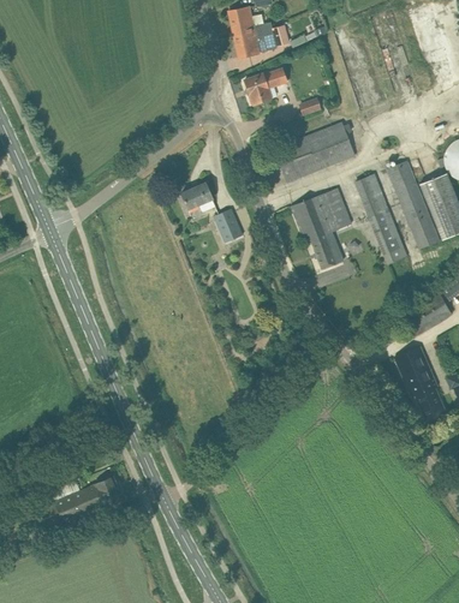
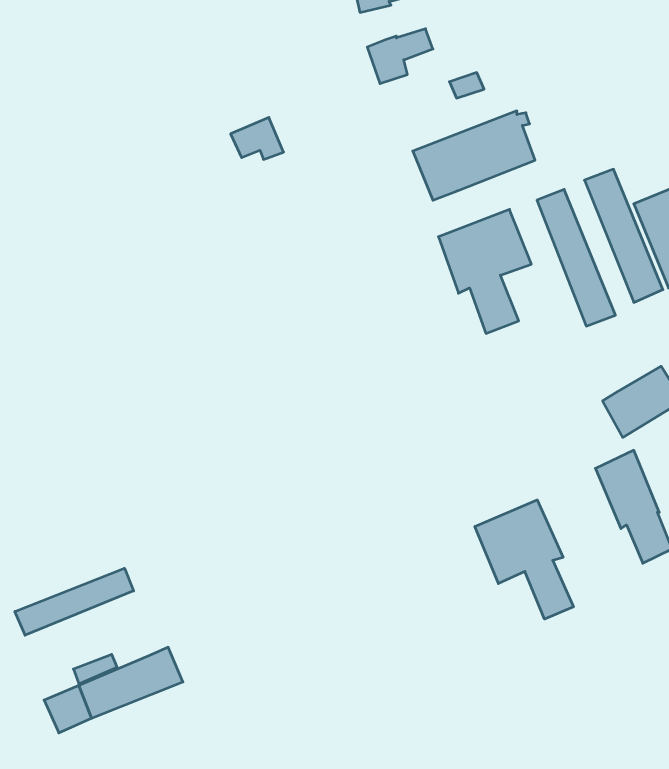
building: [180,183,215,210] -> [231,117,284,159]
building: [213,209,243,243] -> none
building: none -> [475,500,573,619]
building: none -> [15,568,134,635]

